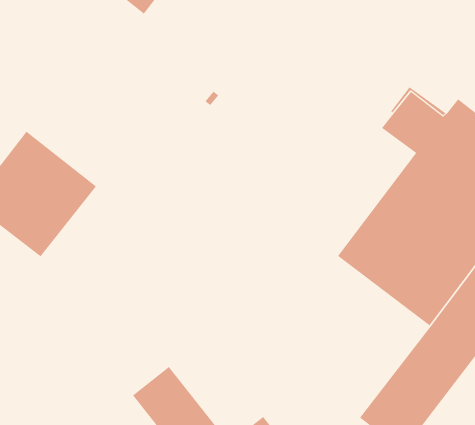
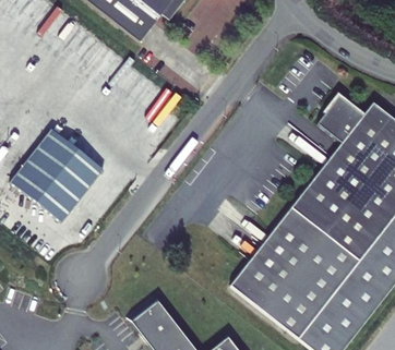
building: none -> [230,219,351,339]

